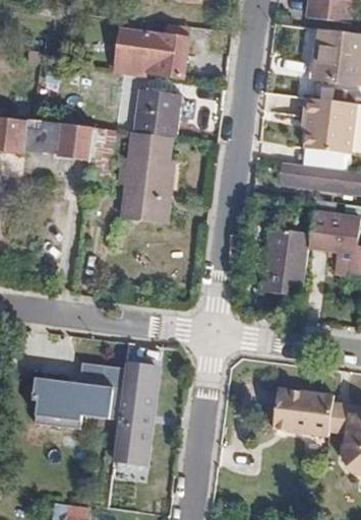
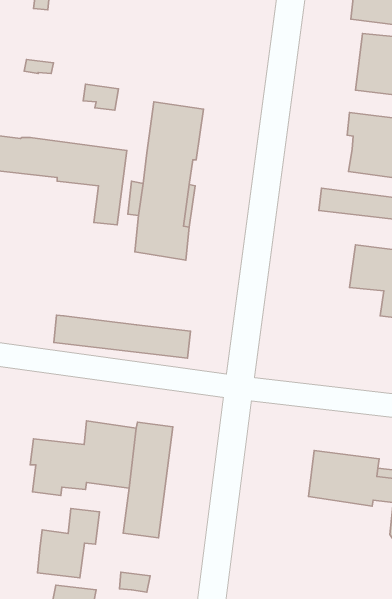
building: [109,27,189,78] -> none
building: [263,228,310,296] -> none
building: none -> [54,315,191,358]
building: none -> [38,509,100,578]

